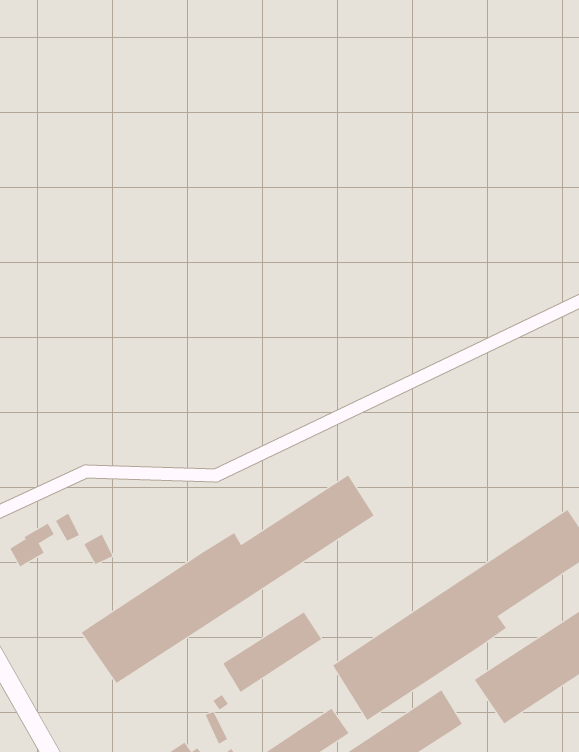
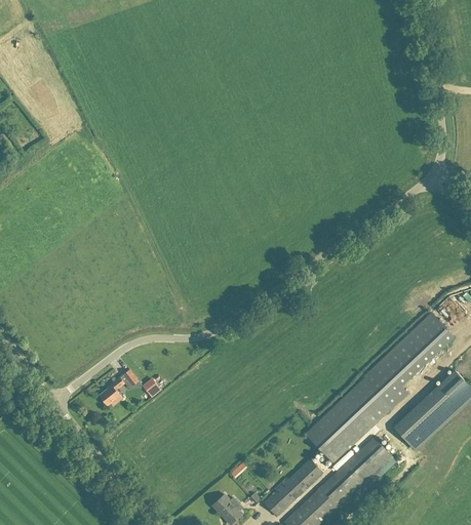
building: [81,474,375,684] -> none
building: [223,612,322,693] -> none

